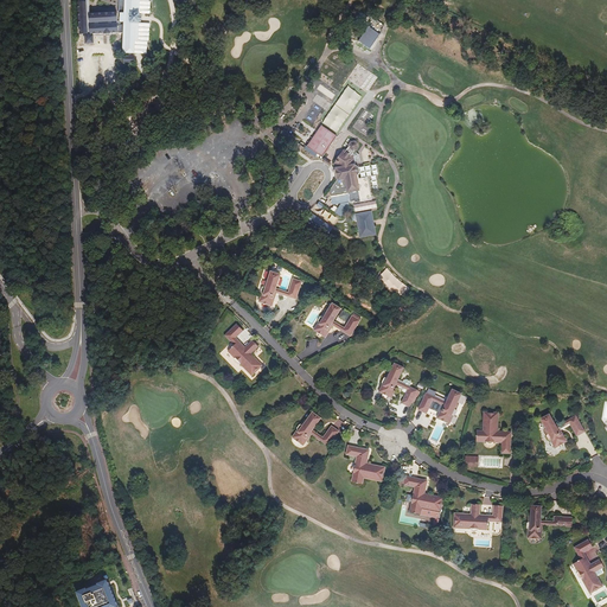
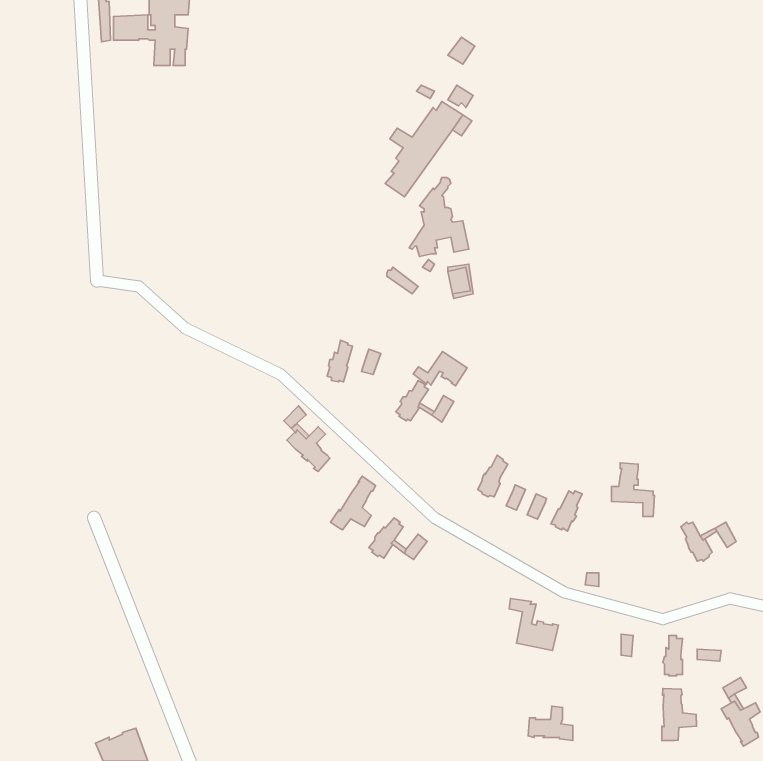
building: none -> [413,351,467,386]
building: none -> [330,476,375,530]
building: [477,410,511,453] -> [611,463,655,516]
building: [346,445,385,483] -> none
building: [453,503,488,530] -> [528,706,573,740]
building: none -> [662,689,697,740]

